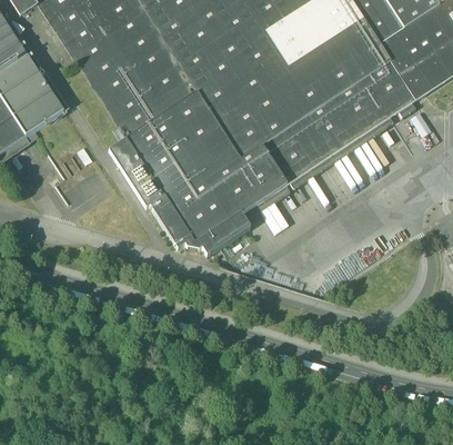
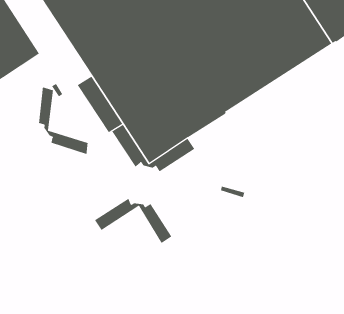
building: none -> [39,86,88,155]
building: none -> [94,198,172,244]

